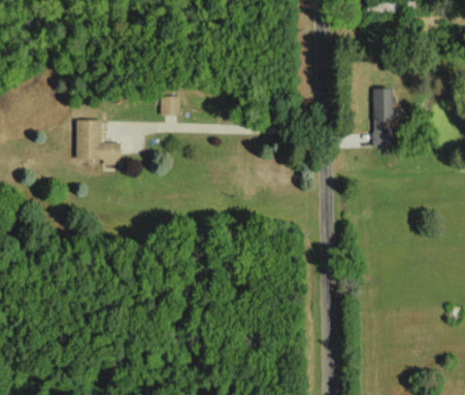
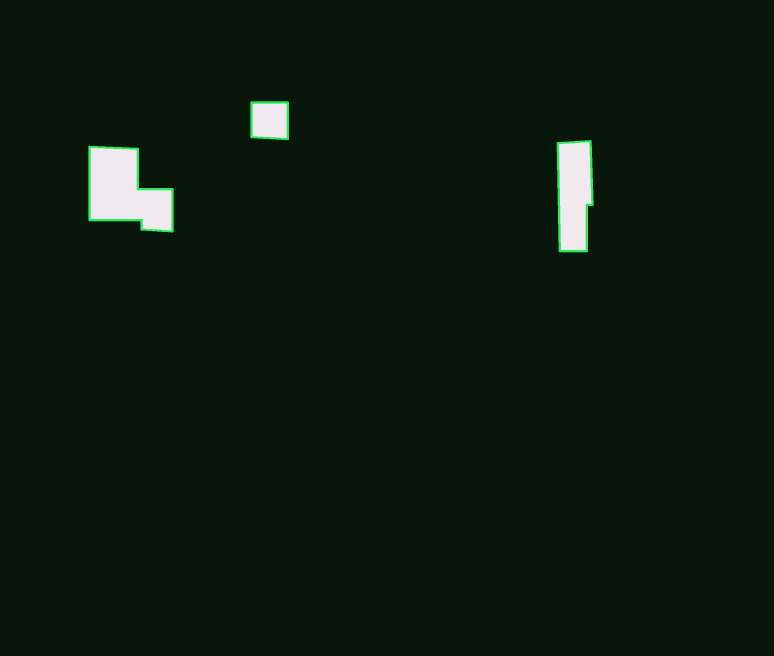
building: [373,88,392,146] -> [558,141,593,251]

